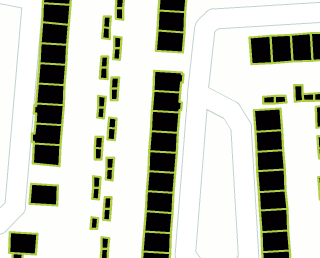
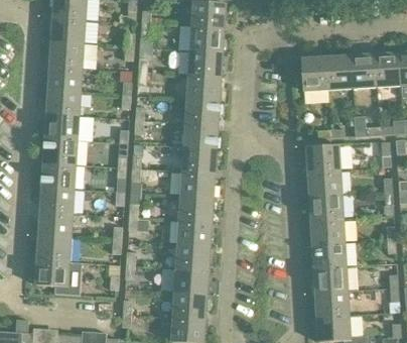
building: none -> [186,74,221,100]
building: none -> [38,210,73,236]
building: [9,232,38,255] -> [35,258,70,285]

